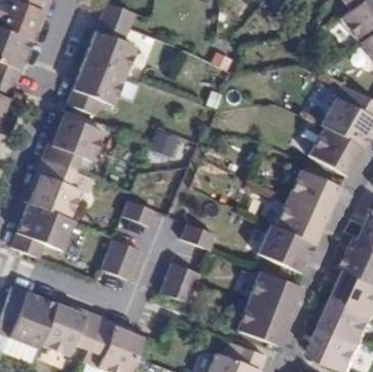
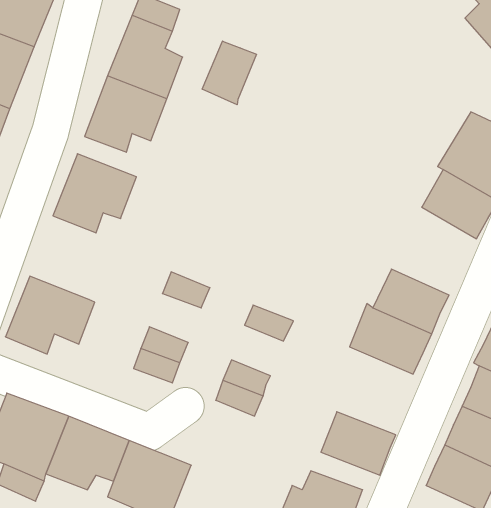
building: none -> [202,41,257,105]
building: [26,159,92,219] -> none
building: [284,169,338,216] -> none
building: [245,269,298,315] -> none

